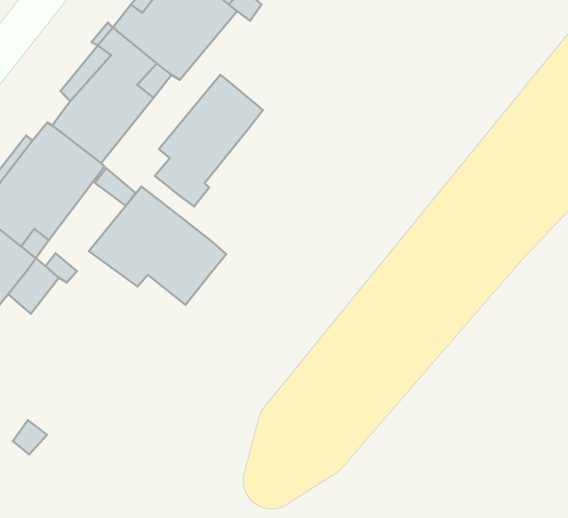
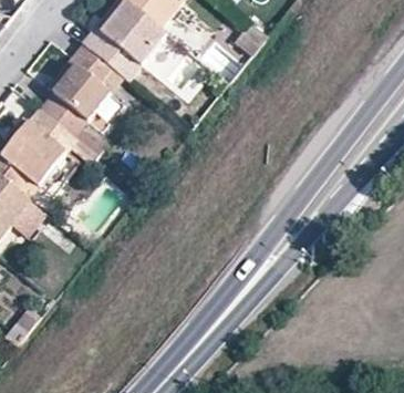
building: [155,75,263,207] -> none
building: [89,186,226,305] -> none

